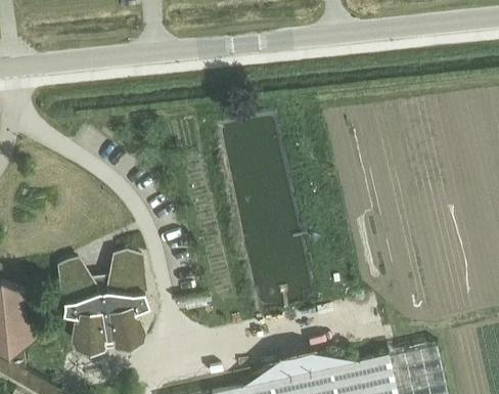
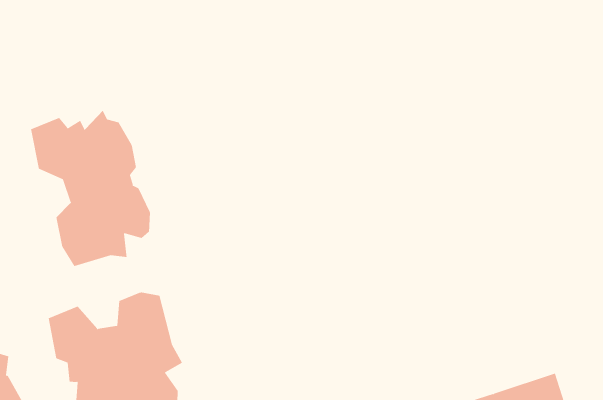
building: none -> [30,110,150,267]

